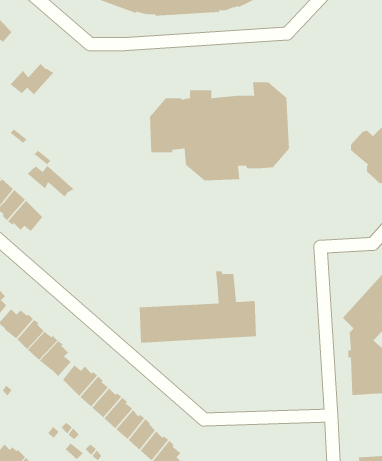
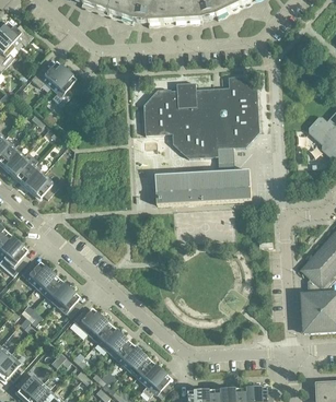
building: none -> [50,69,76,106]
building: [27,165,75,198] -> none
building: [139,271,257,343] -> [155,145,252,204]

